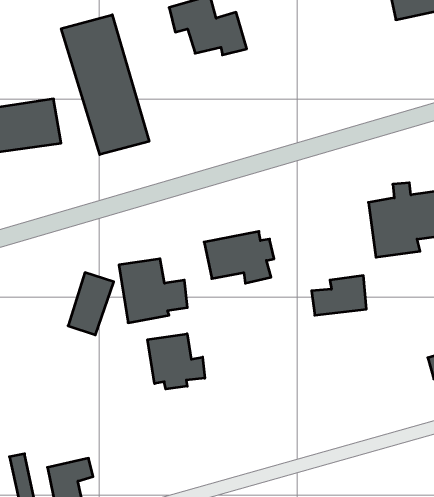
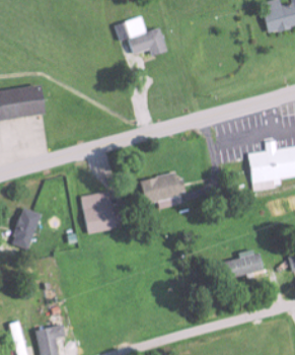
building: [61,15,149,155] -> none
building: [68,273,114,335] -> [10,207,41,248]
building: [312,276,366,315] -> [226,250,263,276]
building: [148,334,205,389] -> none

